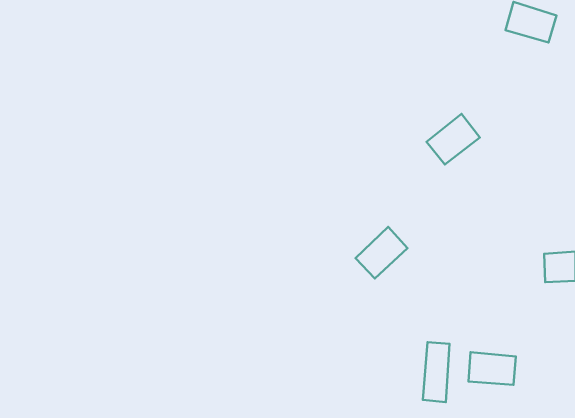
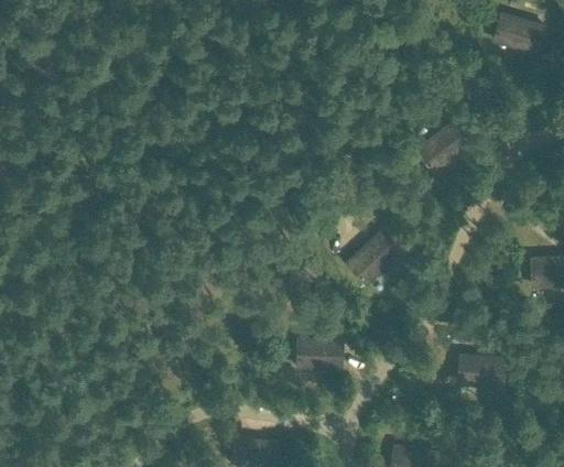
building: none -> [296,339,341,369]
building: [423,342,449,402] -> none

